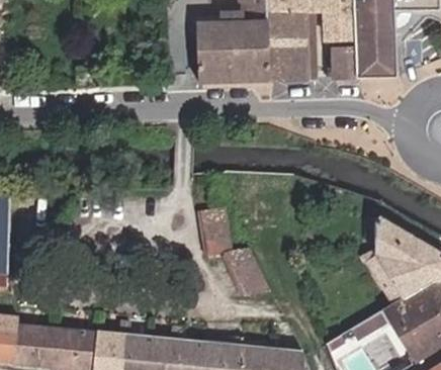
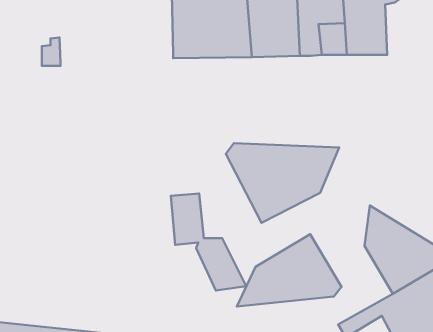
building: none -> [226,143,339,223]
building: none -> [237,234,341,307]

